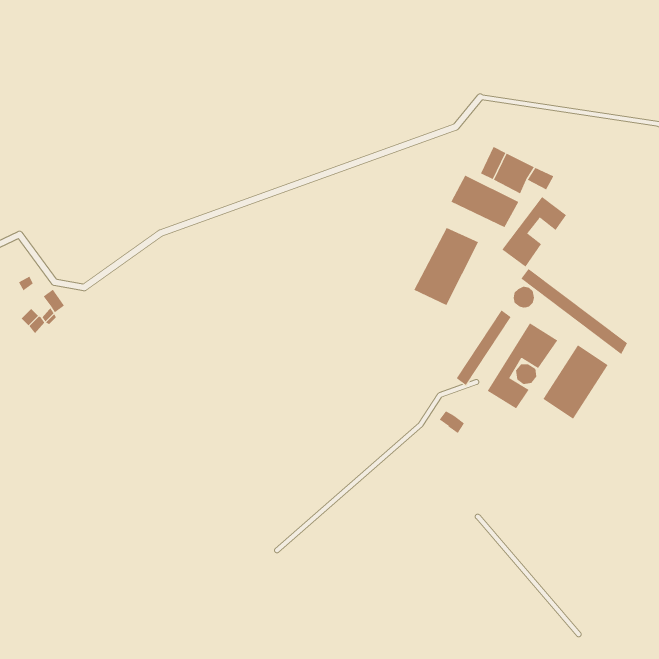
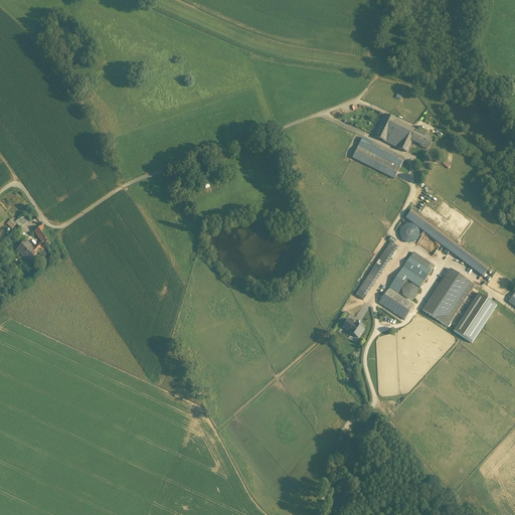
building: [502,196,567,268] -> none
building: [413,227,479,306] -> none
building: none -> [452,292,497,343]

